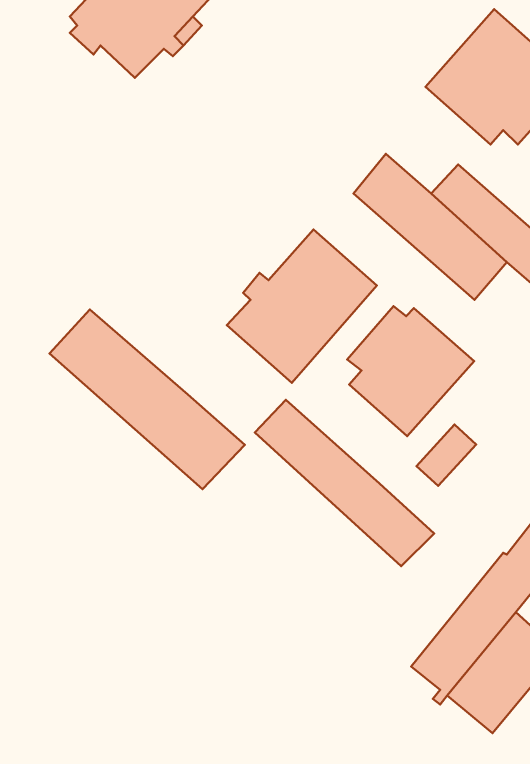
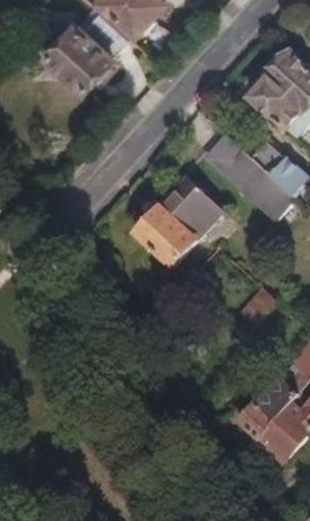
building: [347,306,474,436] -> none
building: [50,310,245,489] -> none
building: [255,400,434,566] -> none

